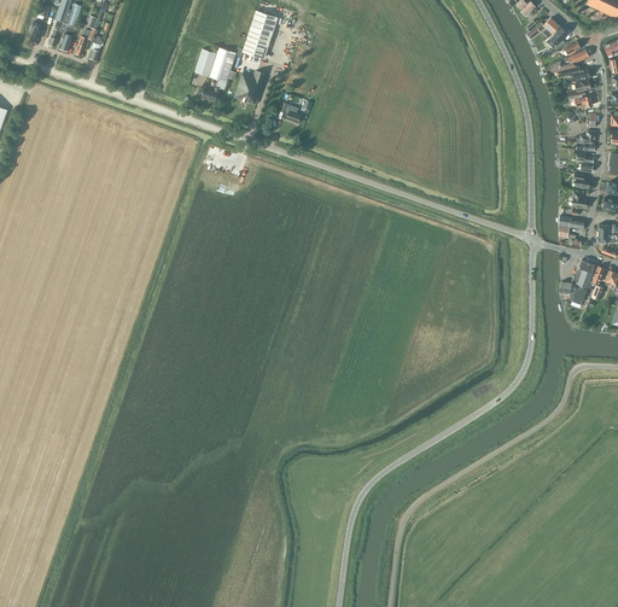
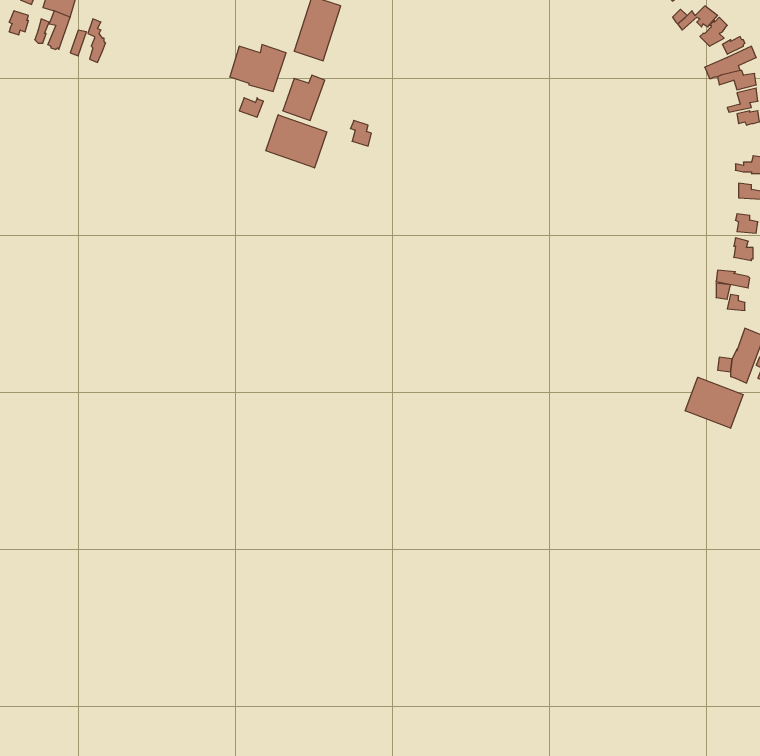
building: none -> [266,115,327,168]
building: none -> [685,377,743,428]

